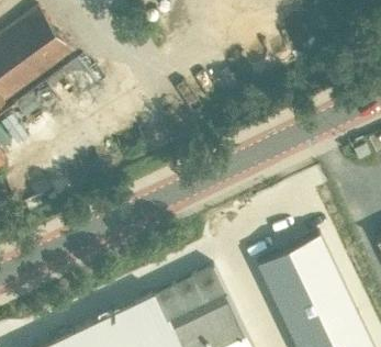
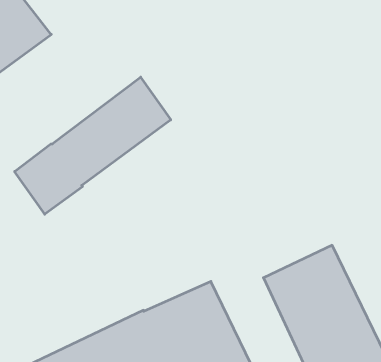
building: none -> [15,77,171,214]

